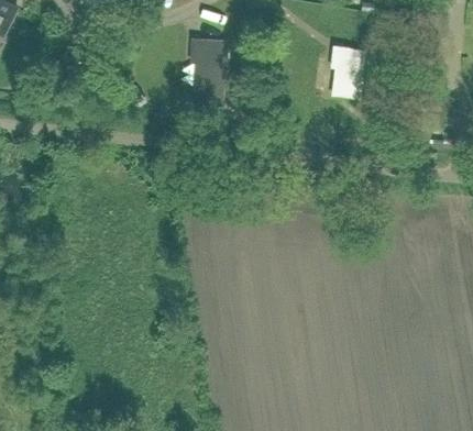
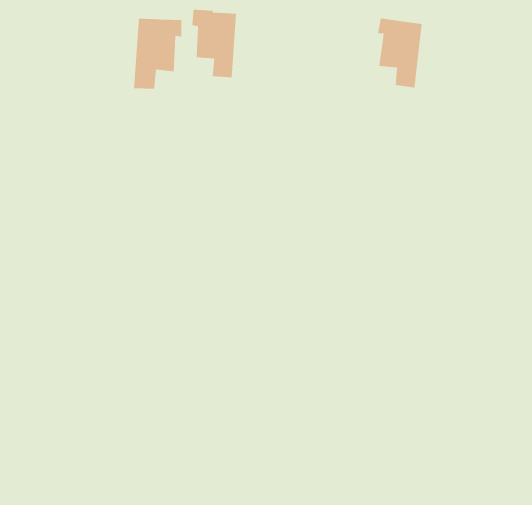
building: none -> [134,18,182,90]

